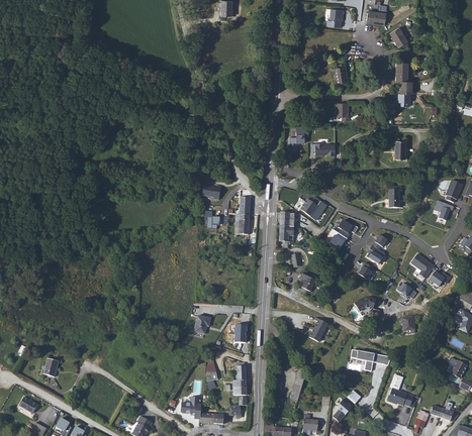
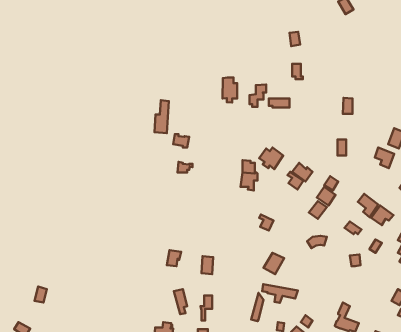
building: [396,64,410,107] -> none
building: none -> [222,78,237,102]
building: [231,197,248,234] -> [154,100,169,133]
building: [350,350,390,371] -> [262,284,298,303]

